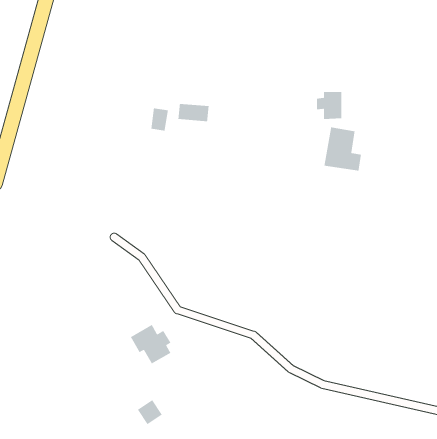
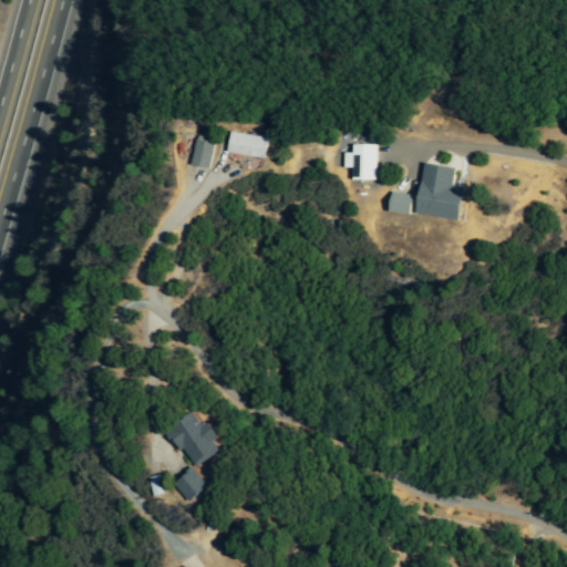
building: [316,91,342,120] -> [342,143,375,179]
building: none -> [386,190,413,214]
building: [137,399,163,425] -> [174,470,207,503]

